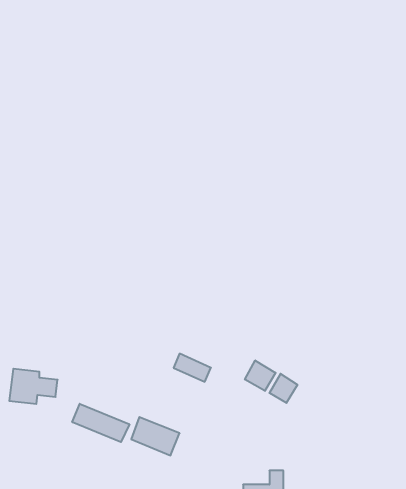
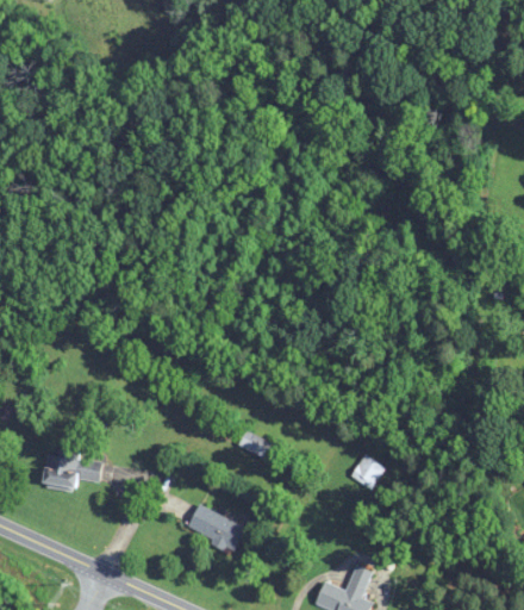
building: [245,360,276,391] -> none
building: [72,404,129,442] -> none

